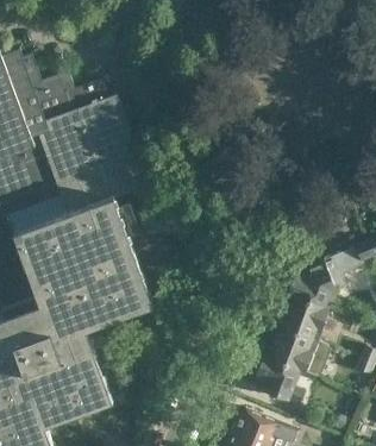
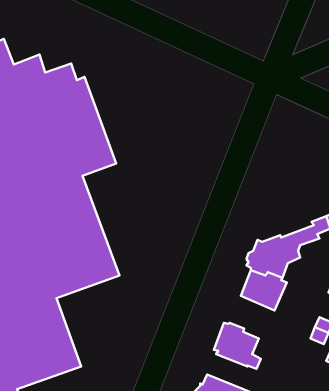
building: [269,327,328,378] -> none

